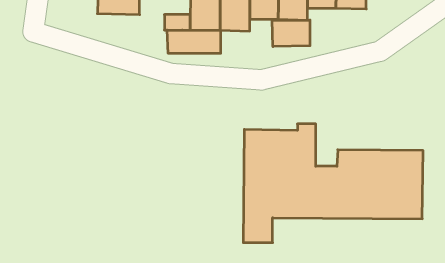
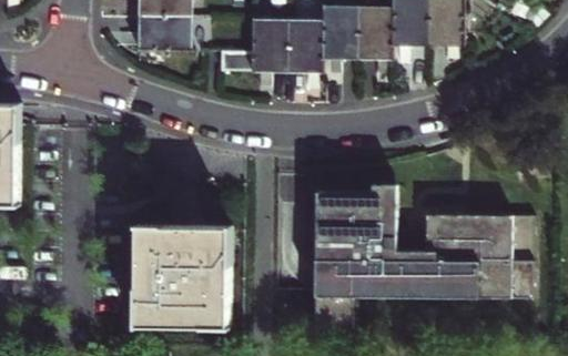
building: [272,20,310,47] -> none
building: [167,30,221,53] -> none
building: none -> [136,225,230,326]

